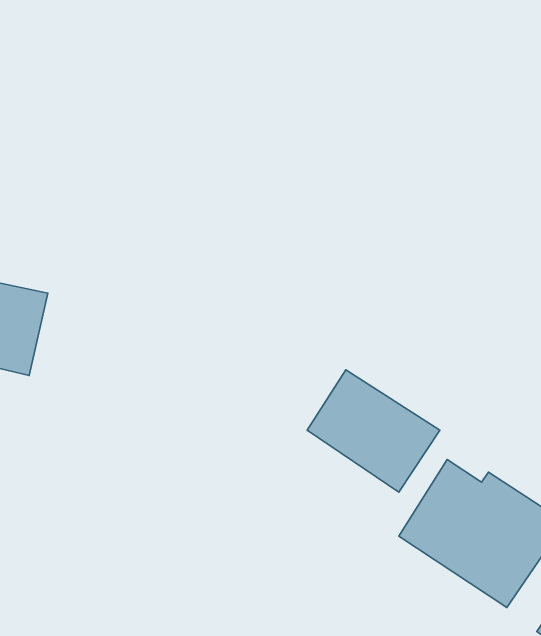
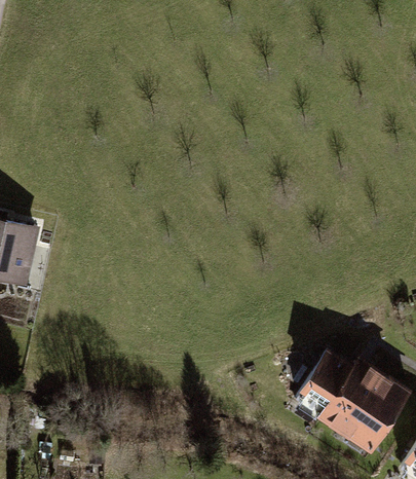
building: [307,370,440,492] -> none

